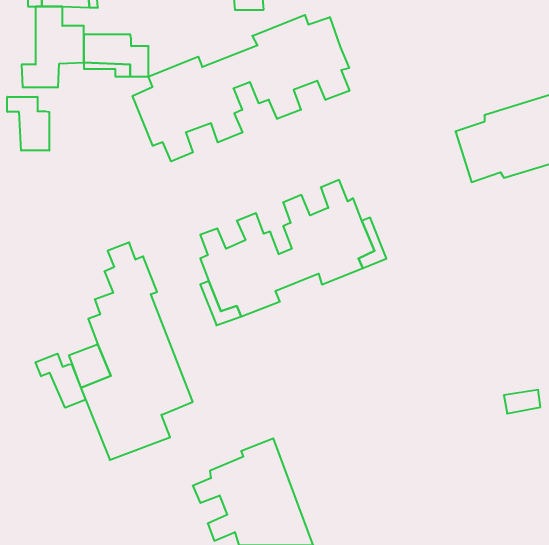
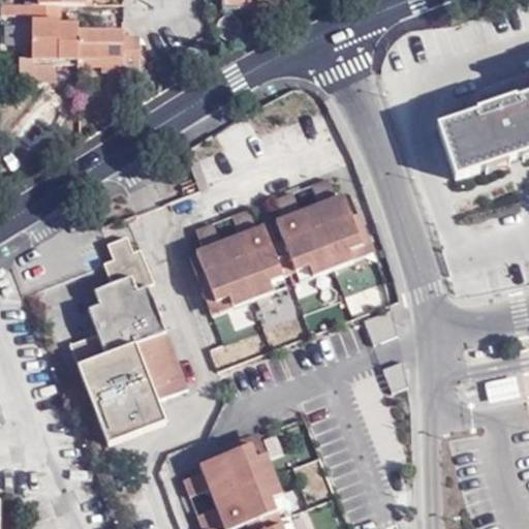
building: [133,15,349,161] -> none
building: [7,97,49,151] -> none
building: [36,354,85,408] -> none

